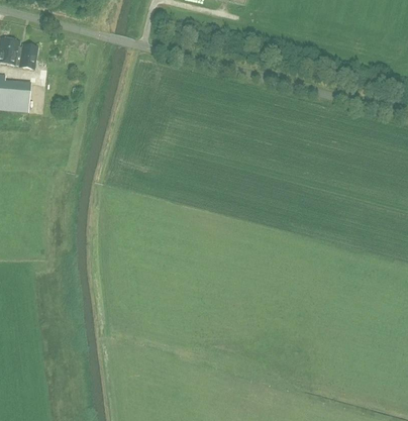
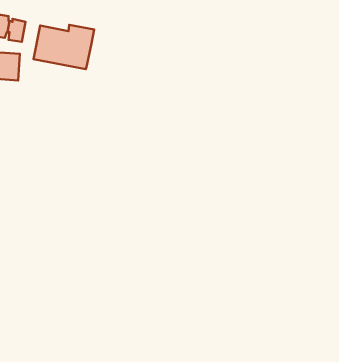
building: none -> [34,25,94,69]

